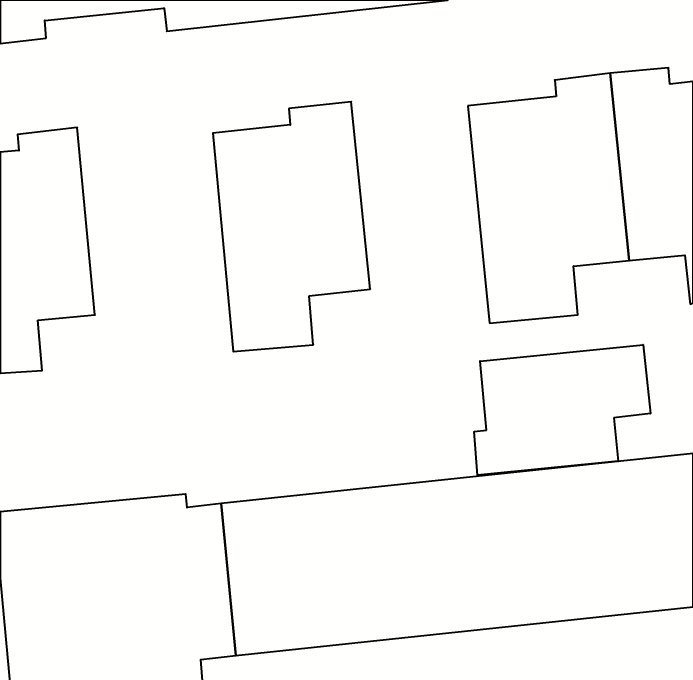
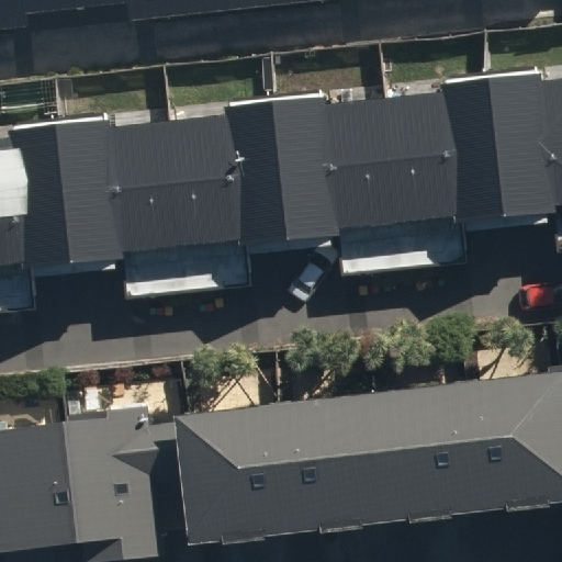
building: none -> [284,89,396,278]
building: none -> [63,110,189,301]
building: [474,345,650,475] -> none

